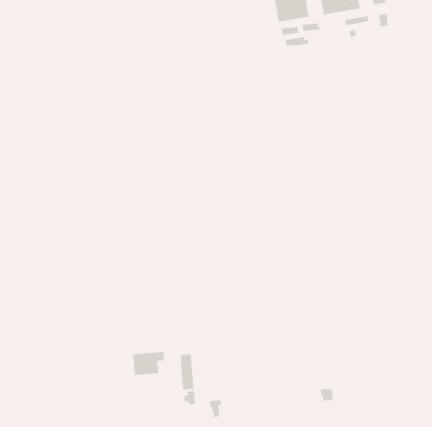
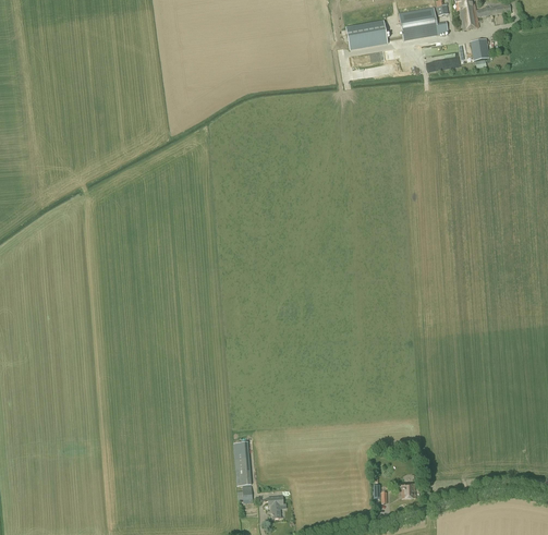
building: [132,351,165,376] -> none

